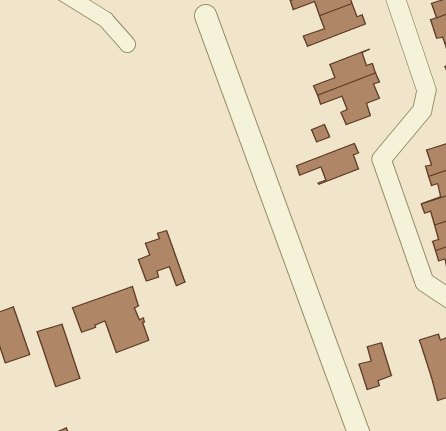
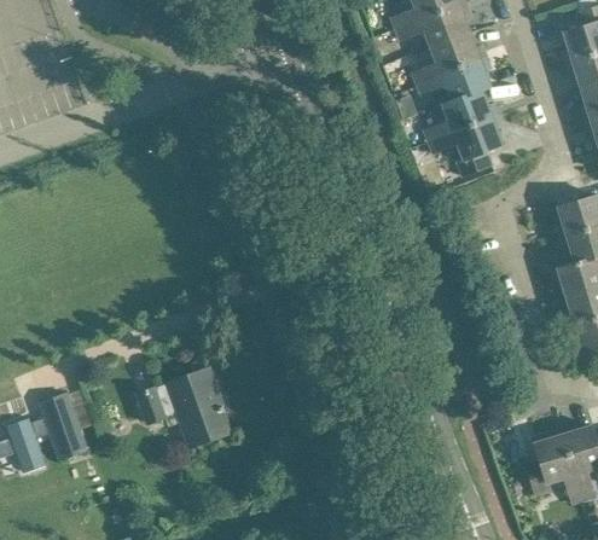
building: [296,144,359,184] -> [417,56,490,104]
building: [139,231,185,286] -> none
building: [37,324,80,387] -> none
building: [359,343,392,390] -> [526,437,564,493]

